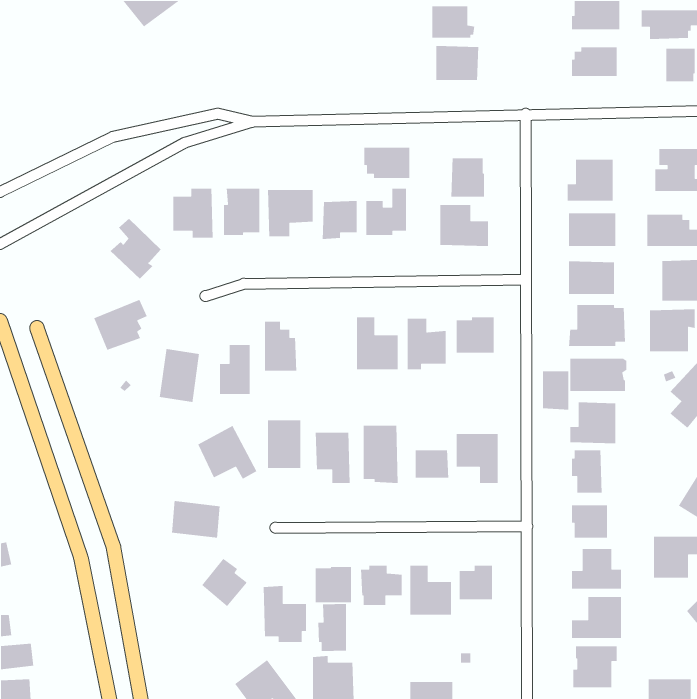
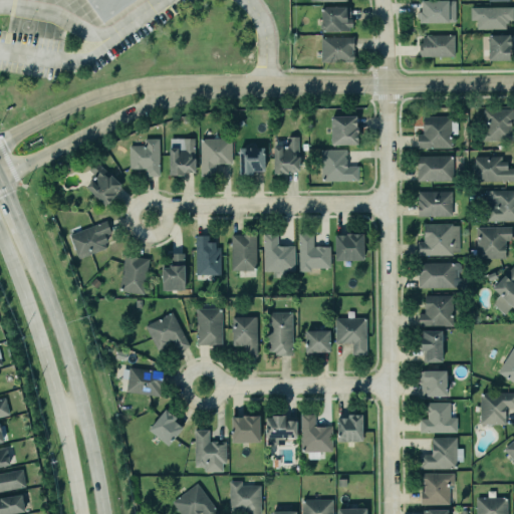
building: [364,147,410,179] -> none
building: none -> [231,236,254,270]
building: [542,371,569,411] -> none
building: [318,603,347,652] -> none

